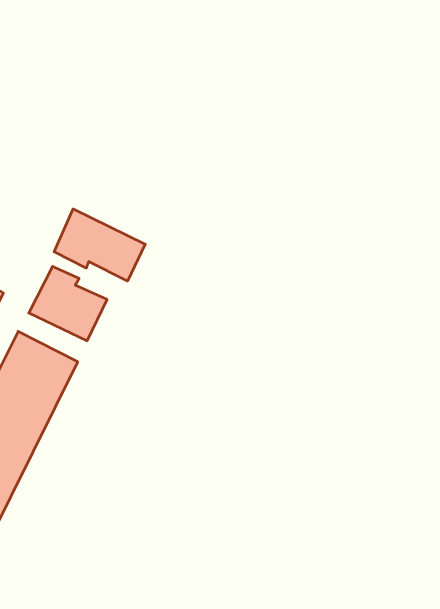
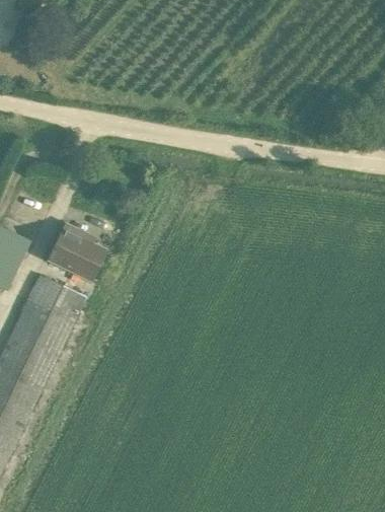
building: [54,209,145,281] -> none

